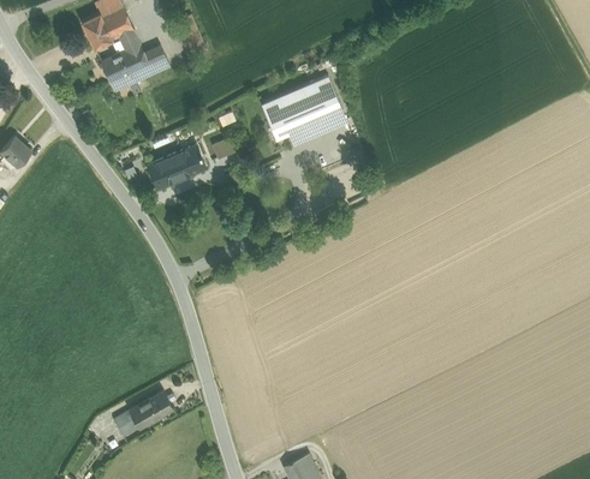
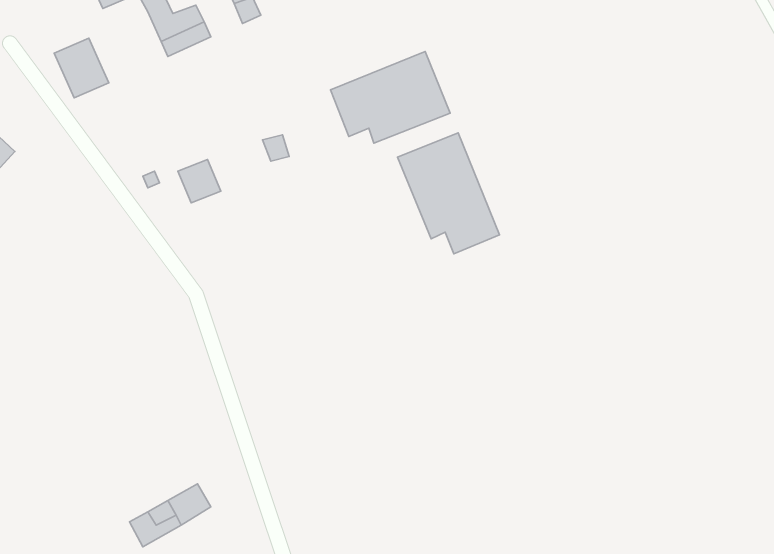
building: [101,49,141,92] -> [54,38,109,98]
building: none -> [397,133,499,254]
building: [169,144,207,179] -> none

